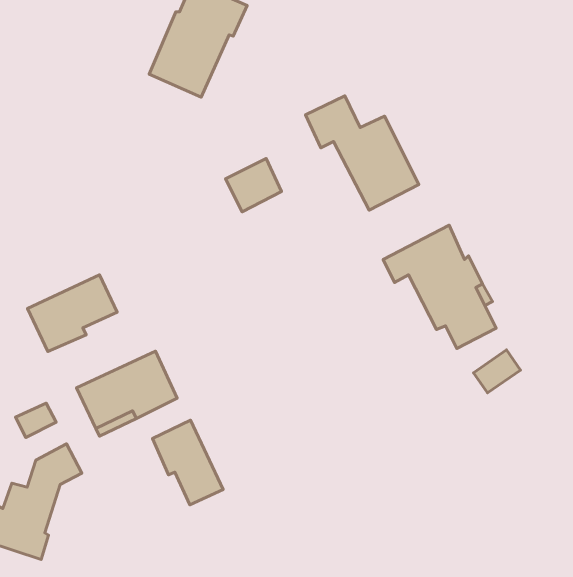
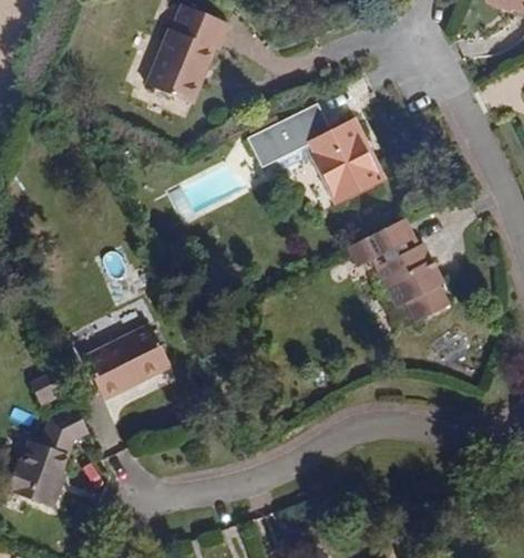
building: [225,158,281,212] -> [247,120,296,166]
building: [27,275,117,351] -> none
building: [152,420,223,505] -> none

